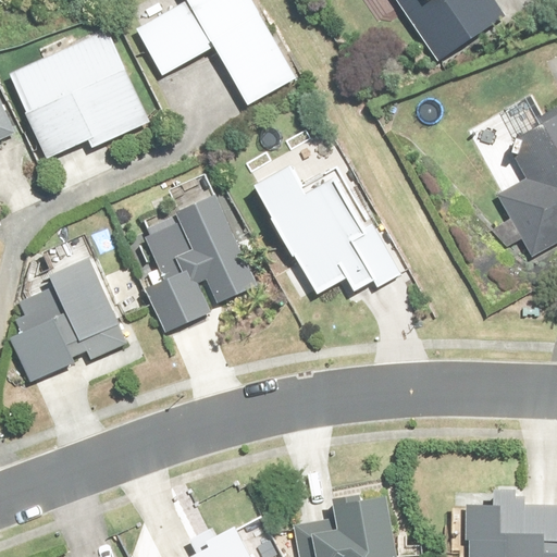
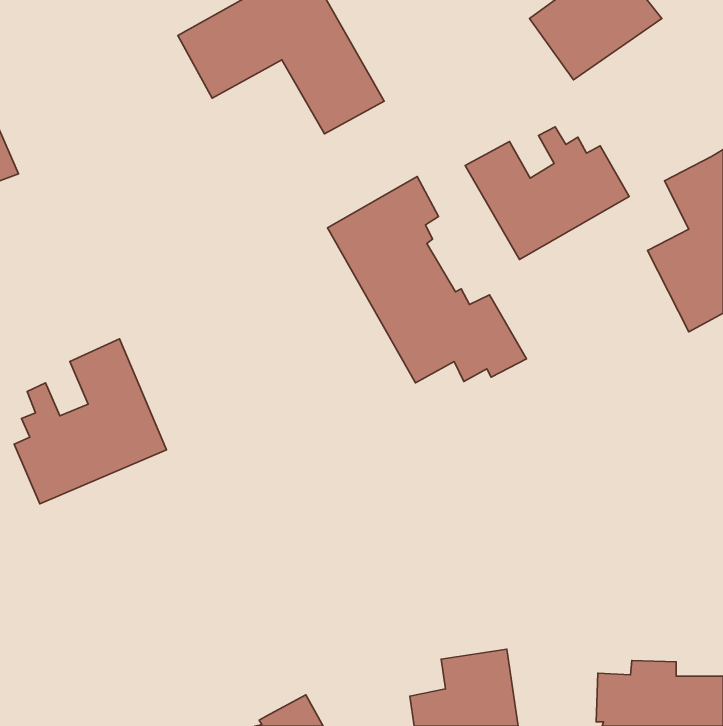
building: [11,29,150,156] -> none
building: none -> [465,127,629,259]
building: [126,185,245,341] -> none

